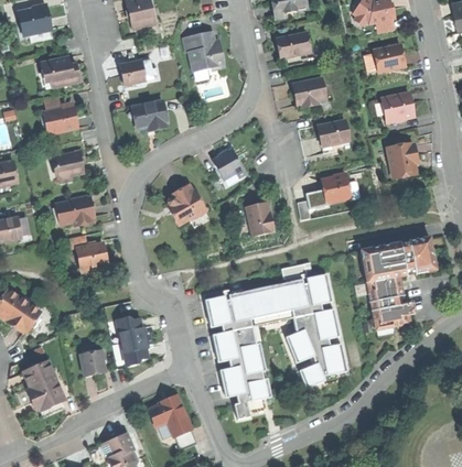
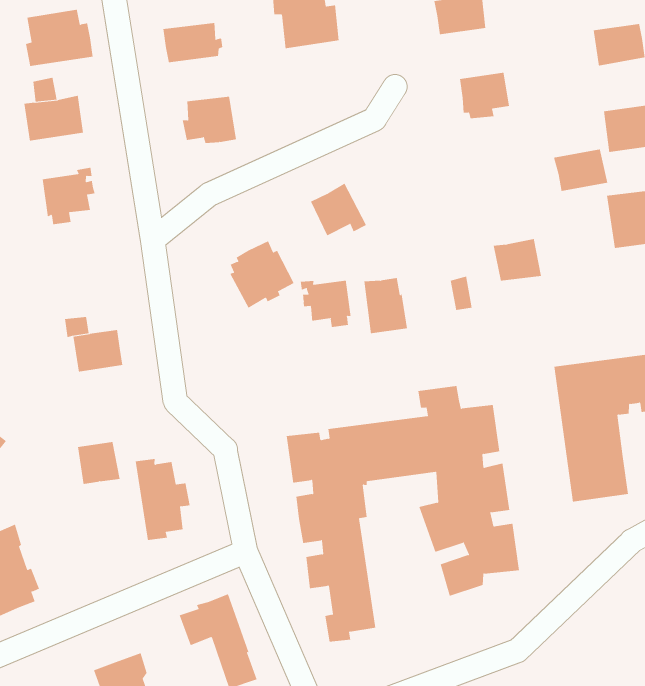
building: [316,120,350,146] -> [553,149,608,192]
building: [58,196,94,226] -> none
building: none -> [300,280,351,328]
building: [79,349,106,376] -> [77,441,120,485]

